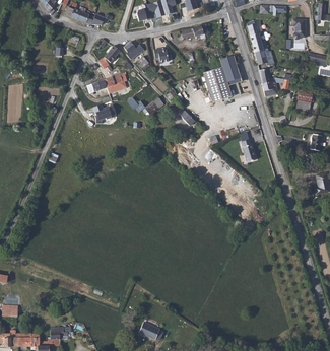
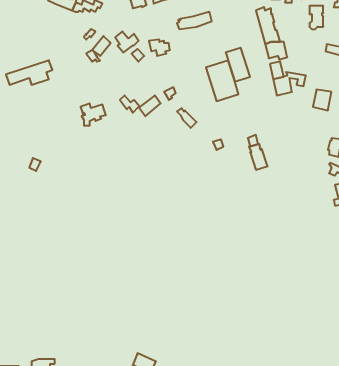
building: [86,72,127,93] -> [6,60,52,85]

